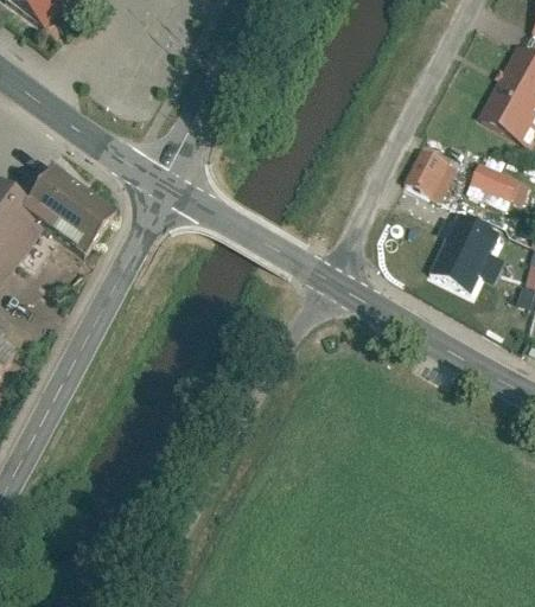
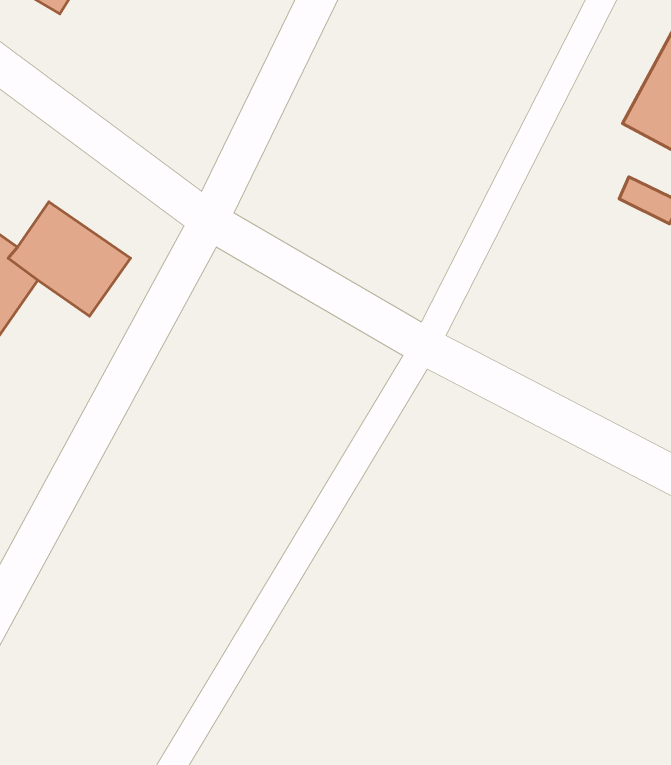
building: [402,145,453,205] -> none
building: [432,217,504,295] -> none

